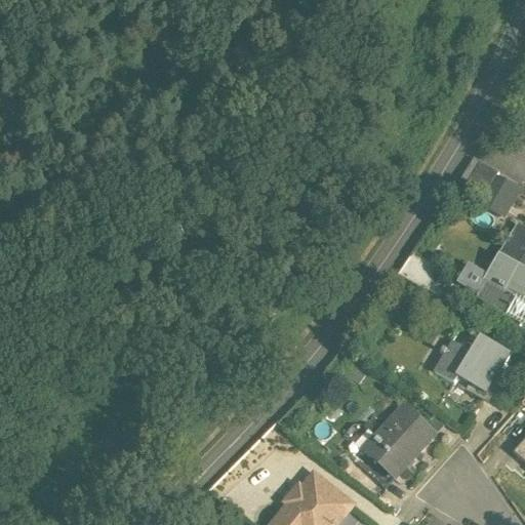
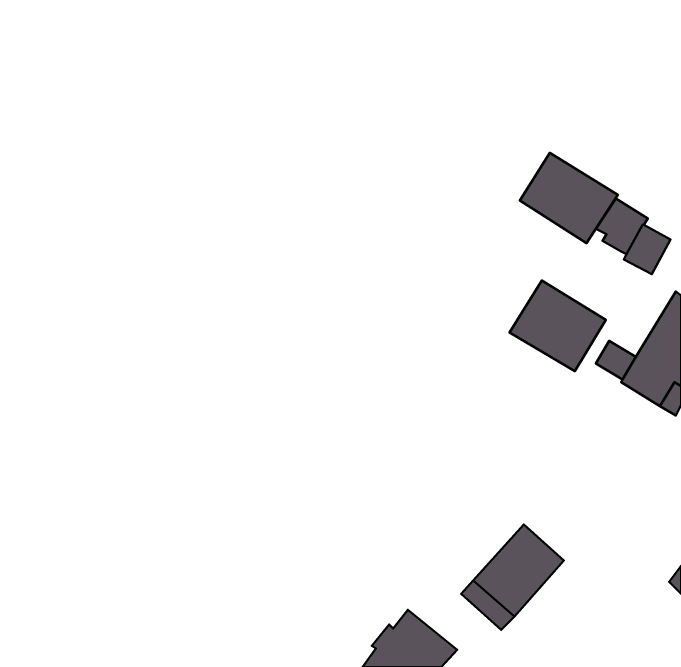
building: none -> [520,153,618,243]
building: none -> [510,281,606,371]
building: [435,334,511,410] -> none

